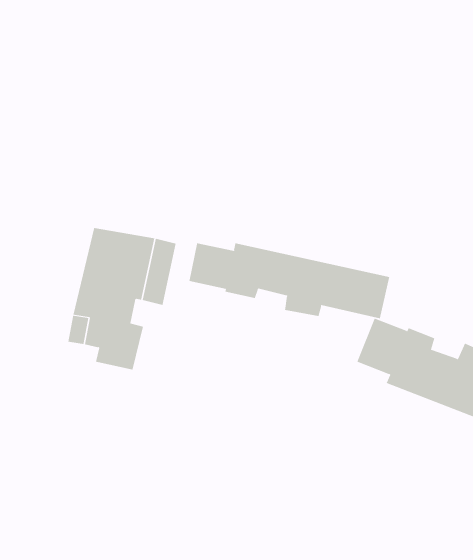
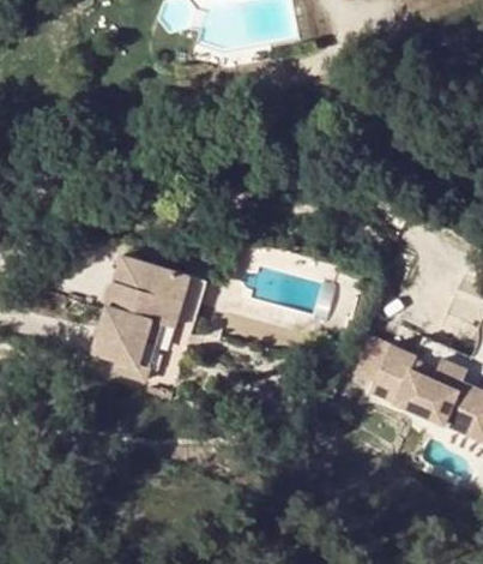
building: [189,242,390,319] -> none

